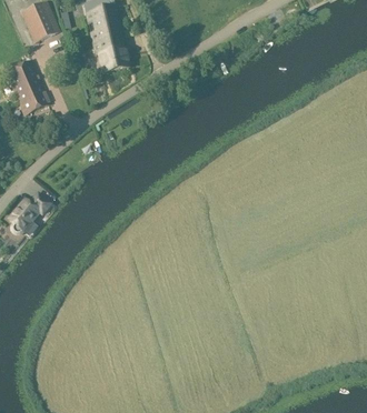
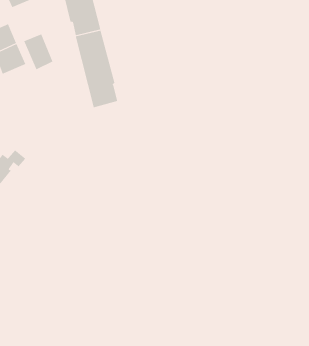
building: none -> [75,30,118,108]
building: none -> [24,34,53,70]

